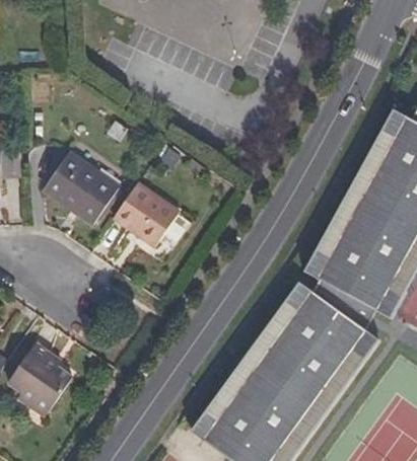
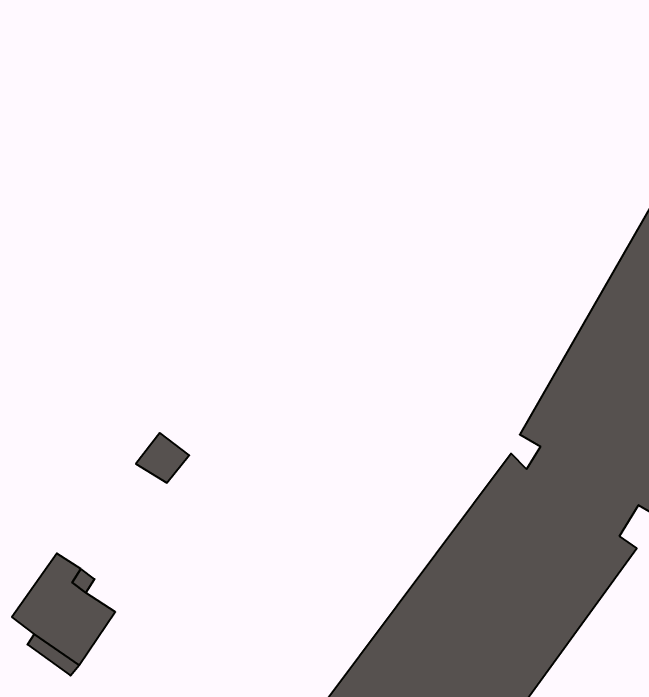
building: [36,148,113,221] -> none
building: [109,178,176,246] -> none

